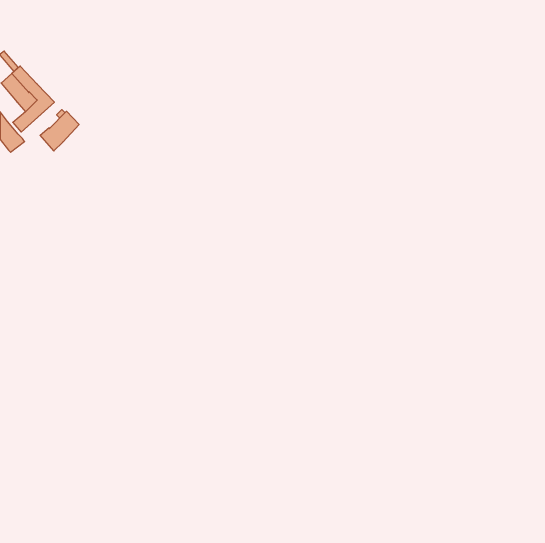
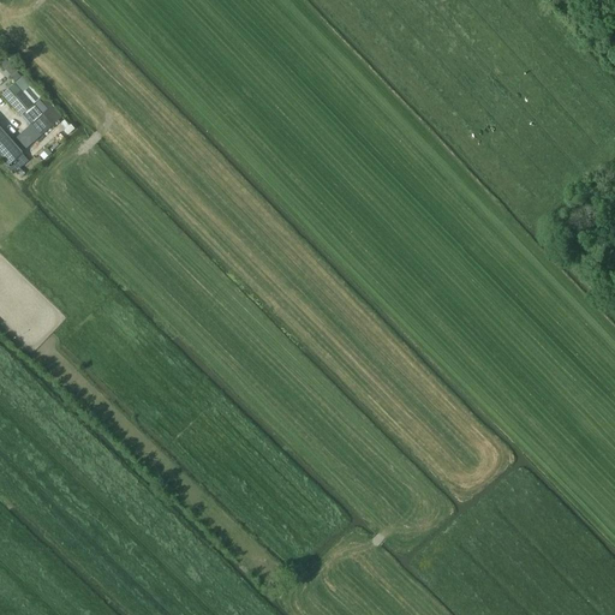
building: [40,111,79,151] -> none

